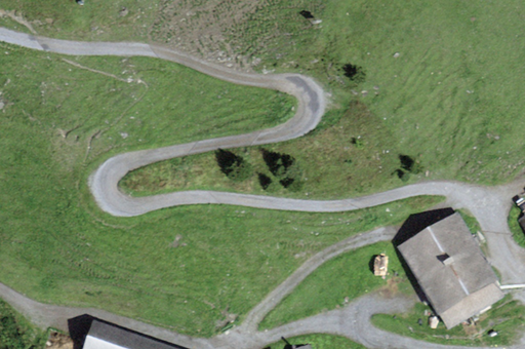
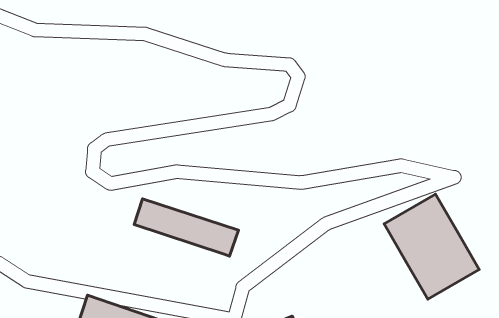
building: none -> [134,199,238,256]

